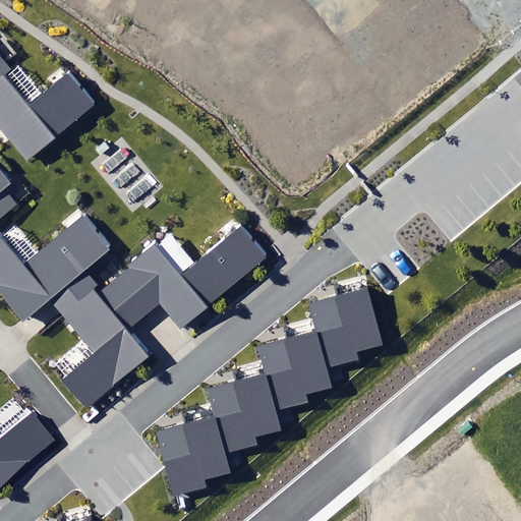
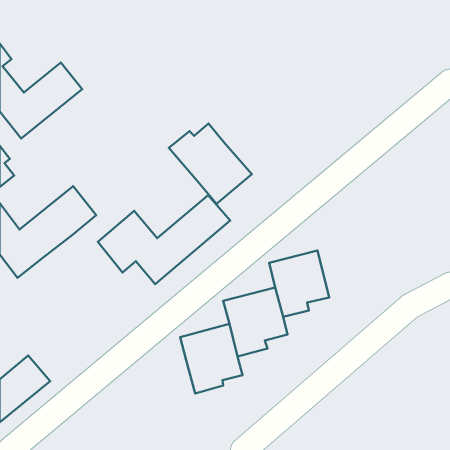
building: none -> [169,124,252,204]
building: [50,271,150,406] -> none
building: [155,415,229,496] -> none

